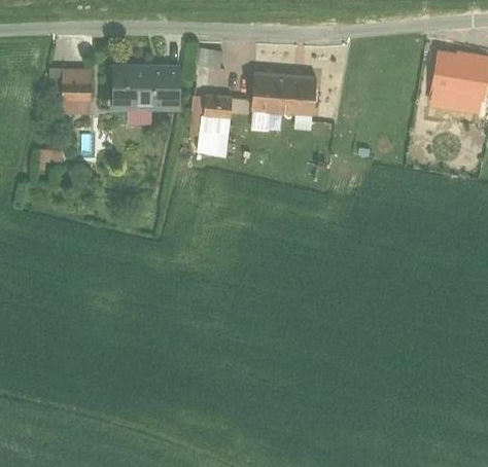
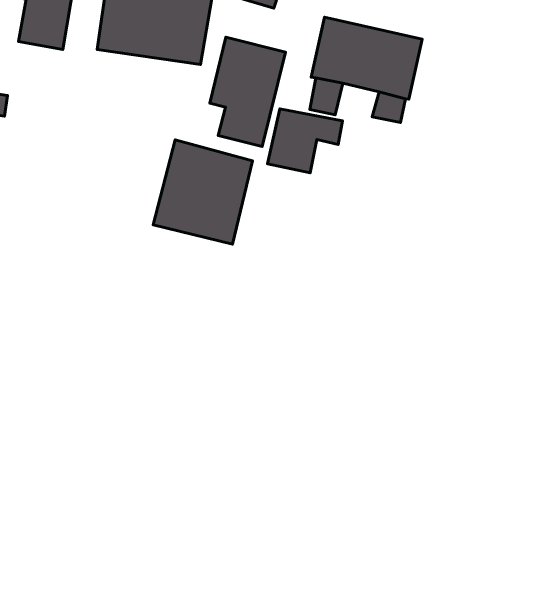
building: none -> [268,109,342,173]
building: none -> [153,140,253,244]

